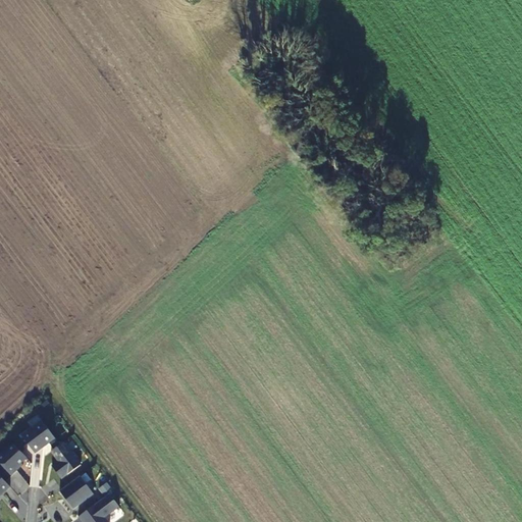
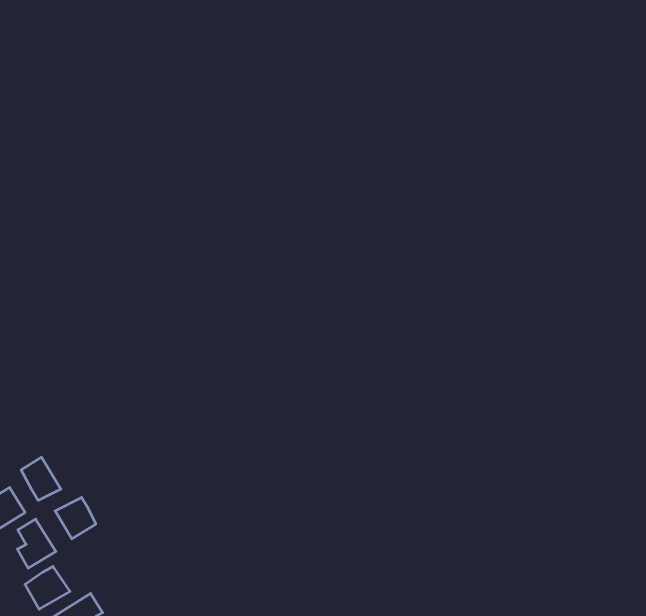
building: none -> [21,457,61,500]
building: none -> [55,497,96,539]

